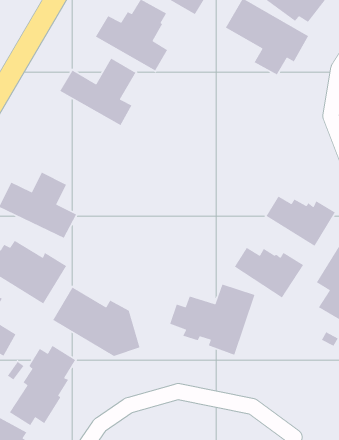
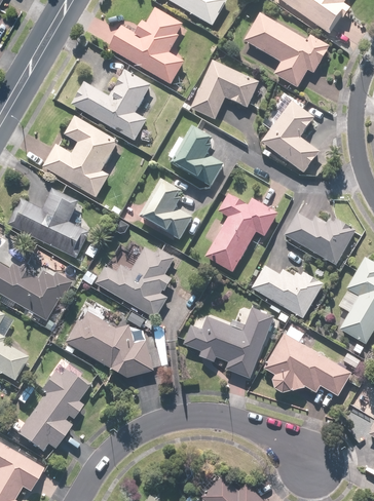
building: none -> [191,60,260,119]
building: none -> [259,98,327,175]
building: none -> [43,116,118,197]
building: none -> [172,126,224,187]
building: none -> [138,177,193,240]
building: none -> [204,193,277,272]
building: none -> [96,246,176,318]
building: none -> [262,325,351,395]

